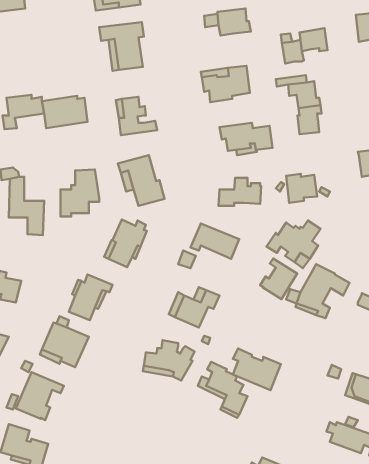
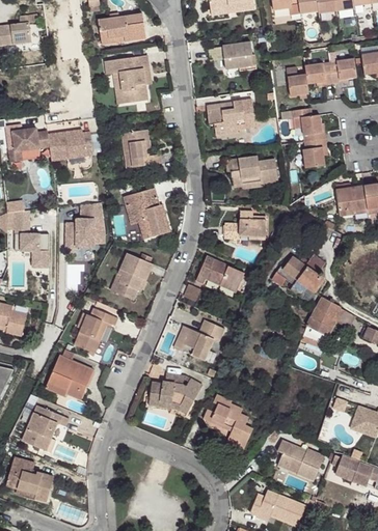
building: none -> [330,59,357,84]
building: [286,174,317,203] -> [336,188,368,217]
building: [260,258,297,299] -> none
building: [233,348,281,390] -> [277,441,325,482]

